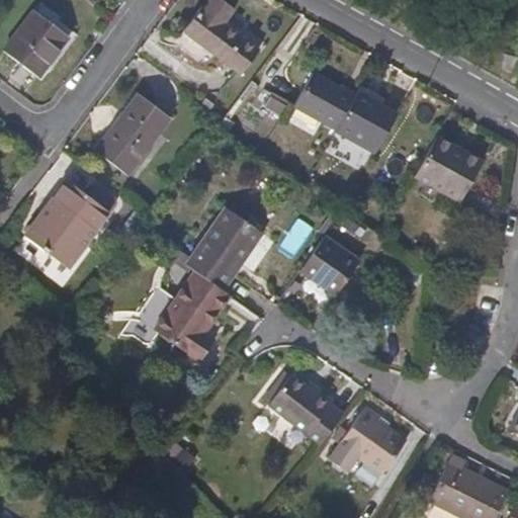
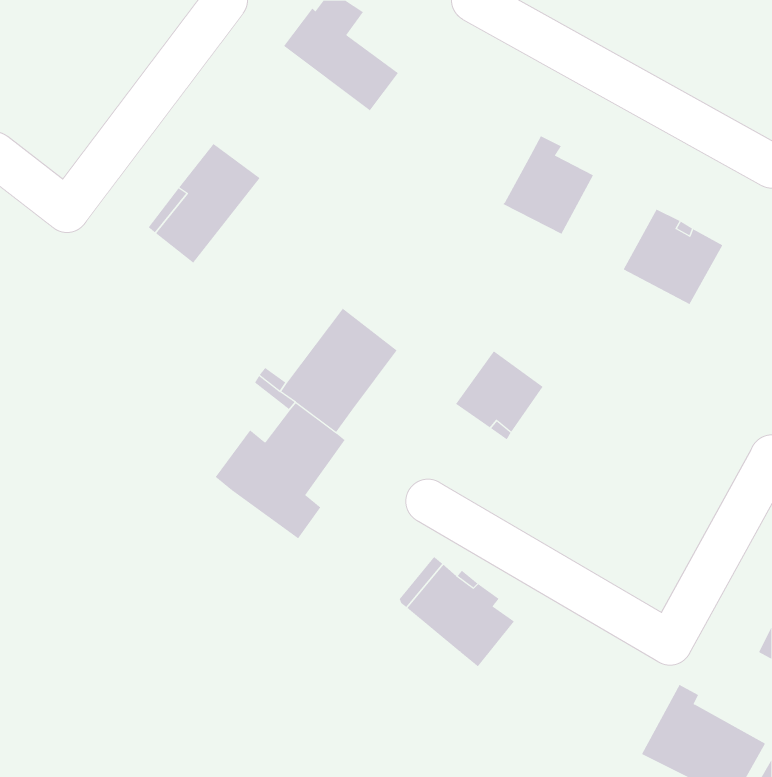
building: [5,10,70,77] -> none
building: [291,80,352,136] -> none
building: [25,179,110,265] -> none
building: [339,406,403,473] -> none

